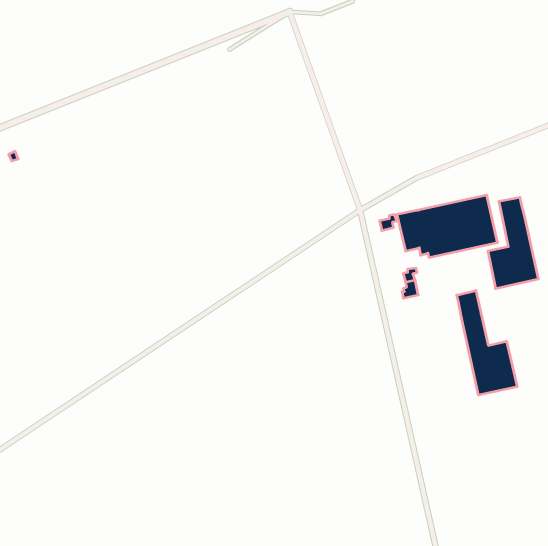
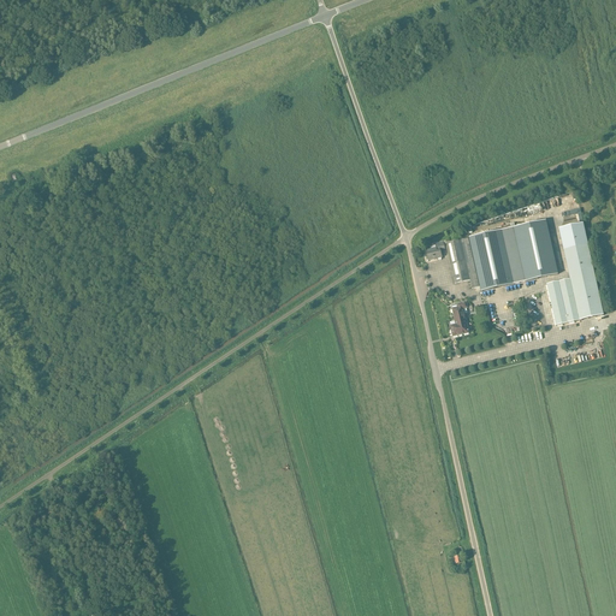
building: [457,290,517,395] -> none

